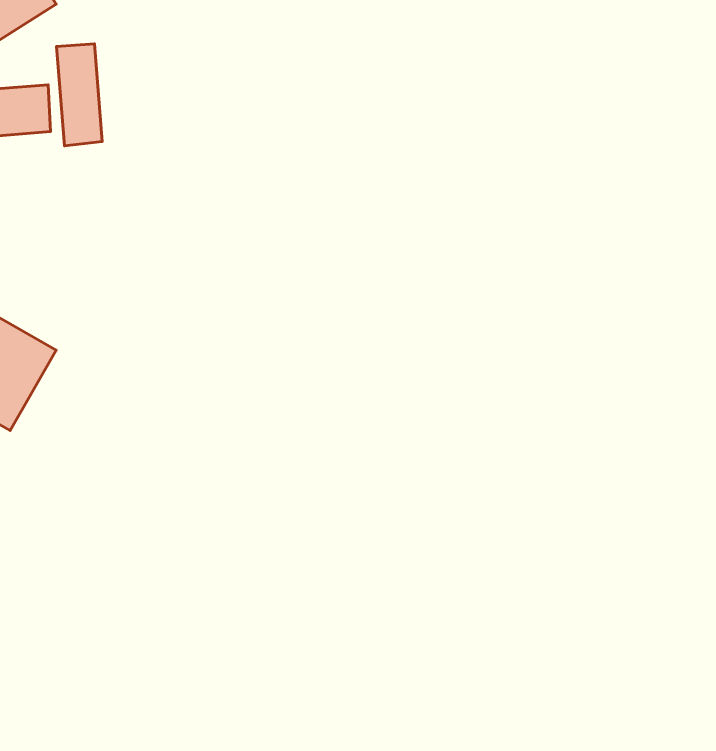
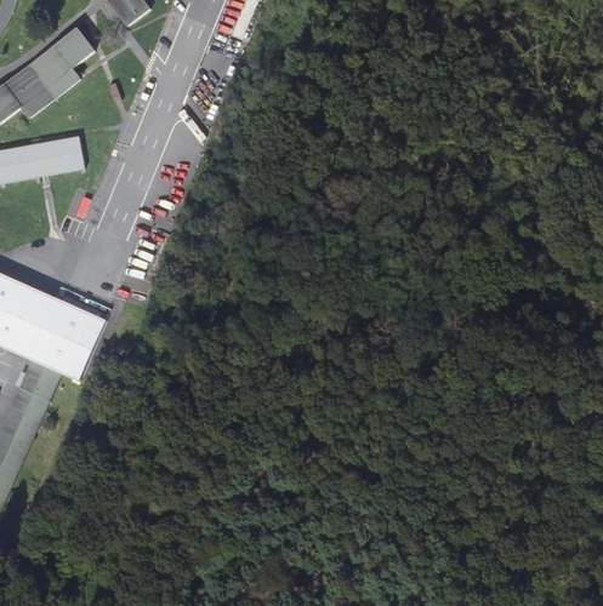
building: [57,44,102,146] -> none

